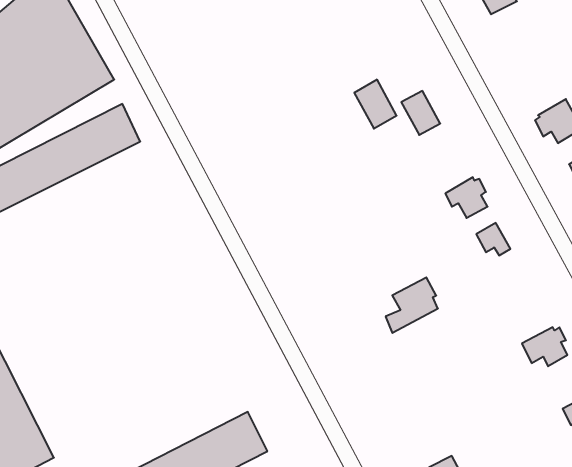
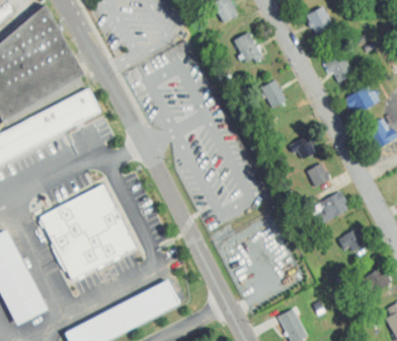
building: none -> [324,53,351,82]
building: [354,80,397,129] -> [234,32,260,63]
building: none -> [39,185,135,280]
building: [386,277,438,333] -> [315,191,347,225]

